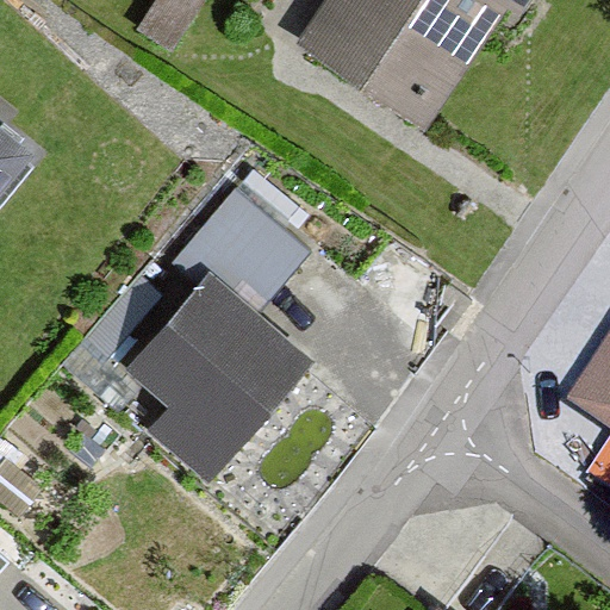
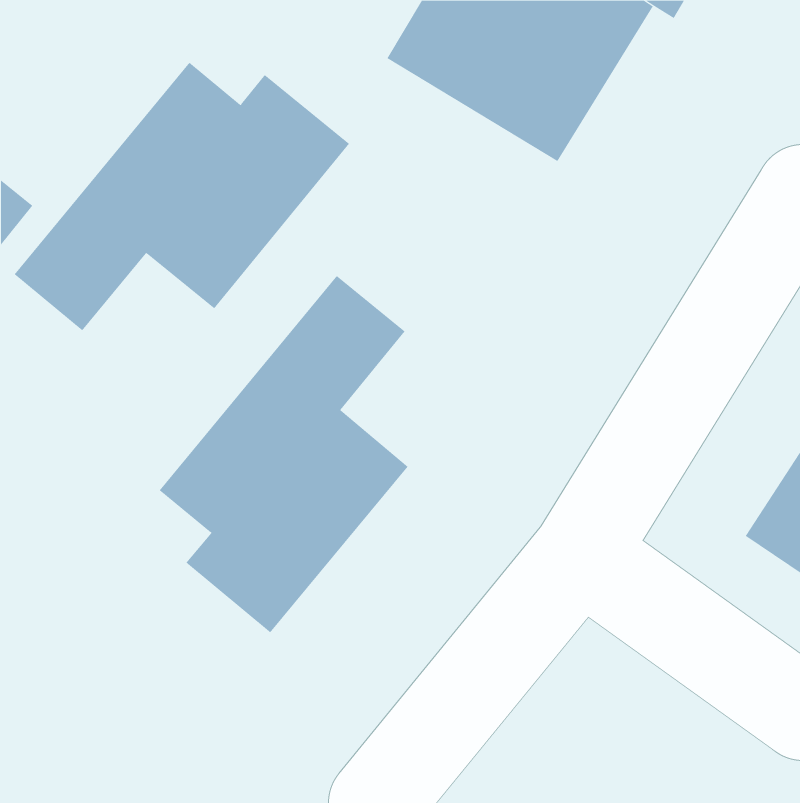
building: none -> [14,62,350,331]

